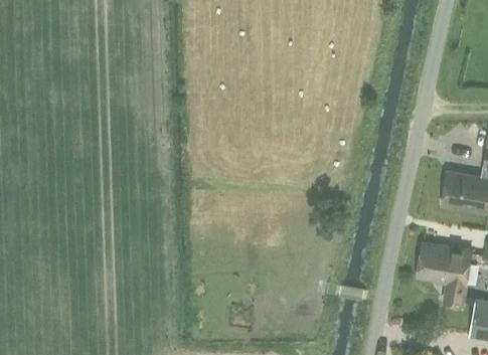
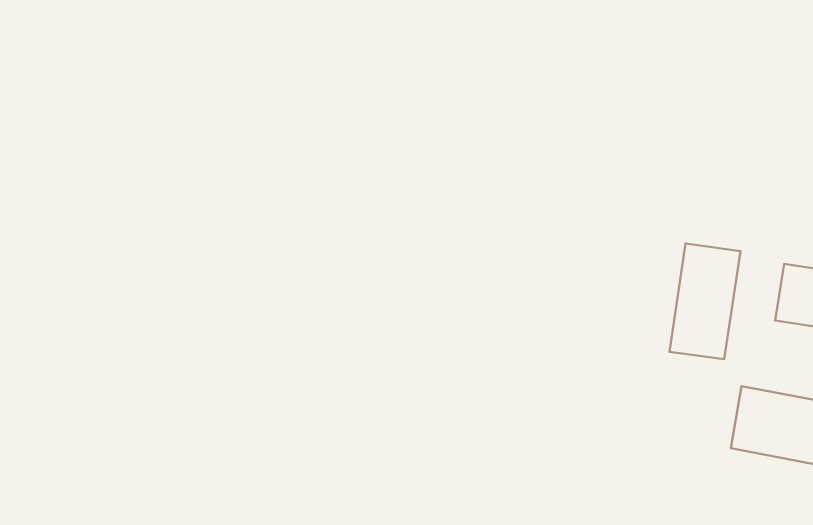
building: none -> [669,244,740,359]

